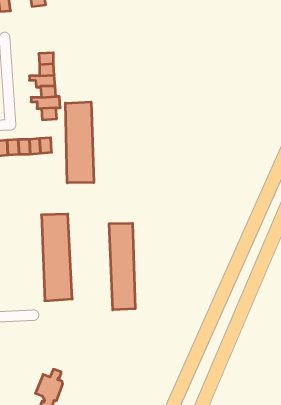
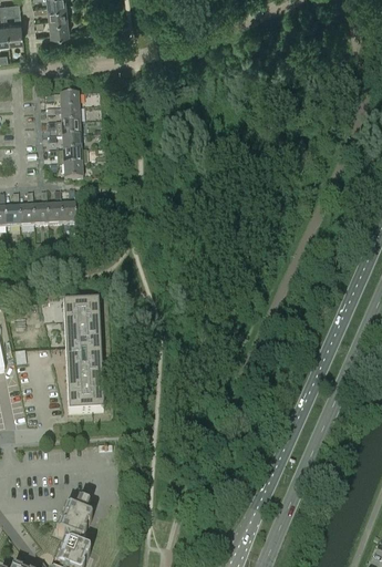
building: [65,102,94,183] -> none
building: [109,223,135,310] -> none

